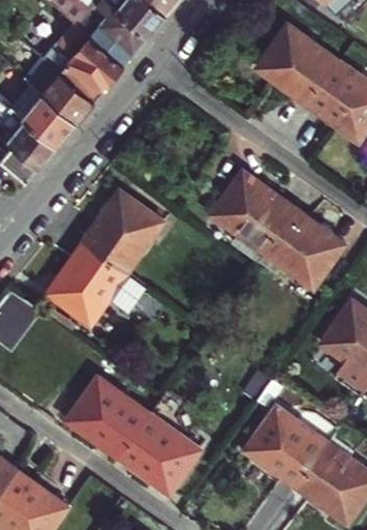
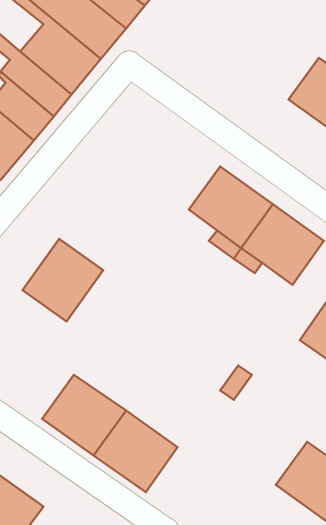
building: [257,26,339,105] -> none
building: [83,192,162,273] -> none
building: [245,406,328,485] -> none

